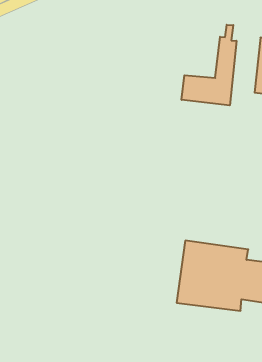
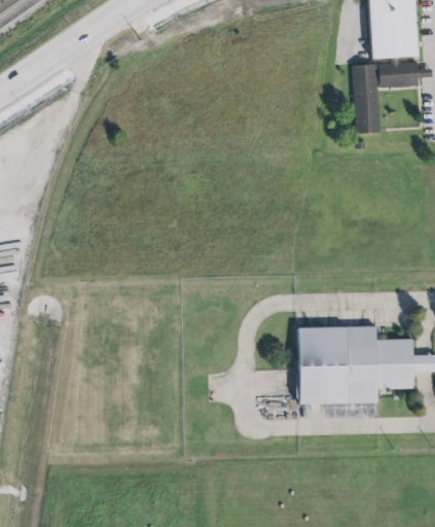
building: [182,25,236,105] -> none

